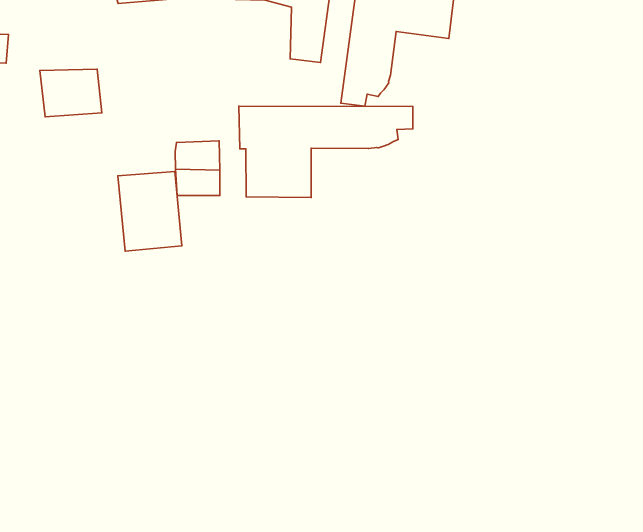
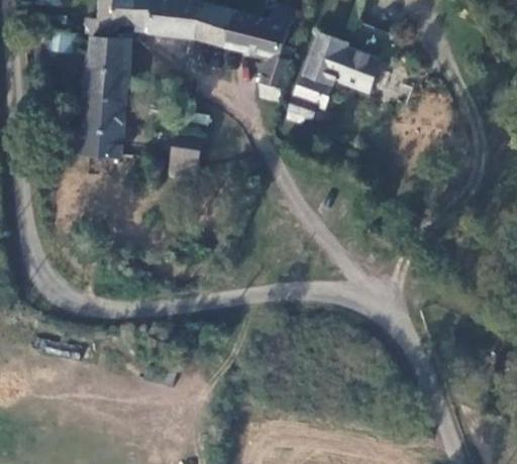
building: none -> [85,35,127,76]
building: [239,106,413,197] -> none
building: [118,172,182,251] -> [79,102,122,157]

